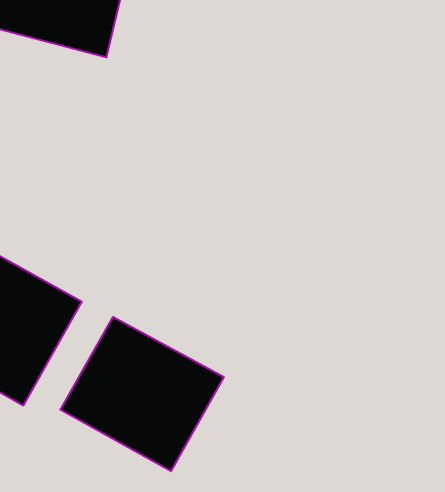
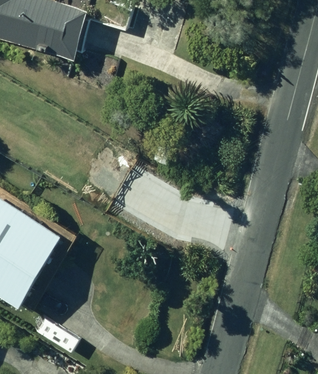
building: [60,317,224,471] -> none

